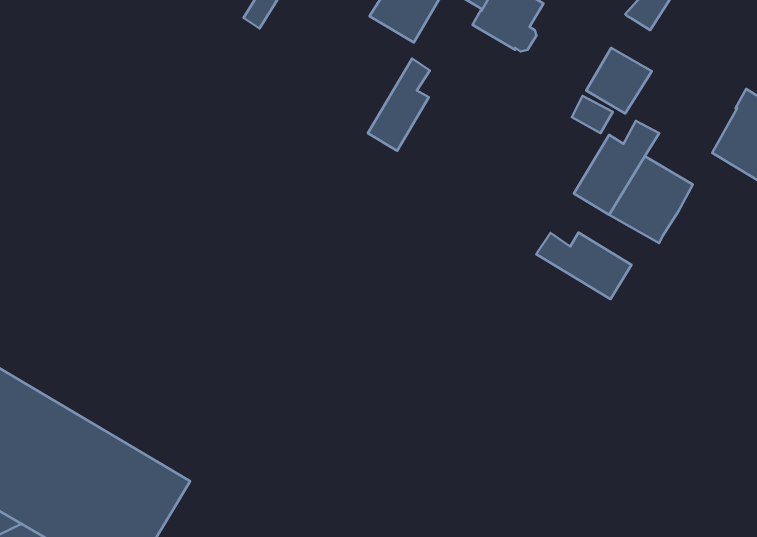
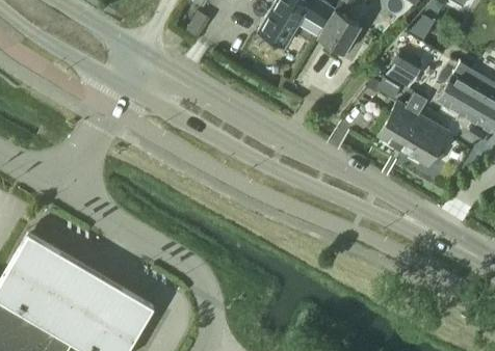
building: [368,58,430,151] -> none
building: none -> [439,64,478,112]
building: [536,232,632,299] -> none

